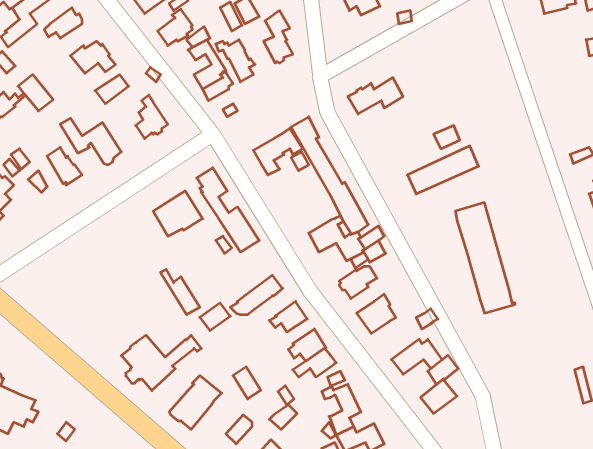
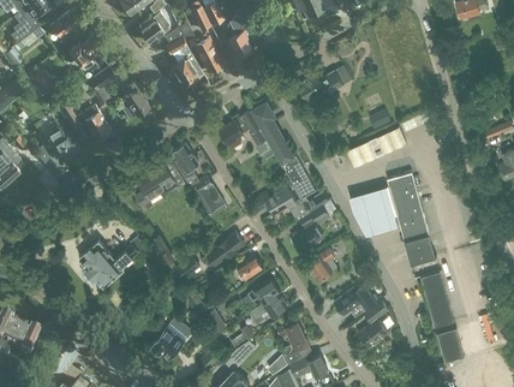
building: none -> [349,186,398,234]
building: none -> [420,269,454,325]
building: [121,335,201,391] -> [79,240,145,286]
building: none -> [436,326,464,359]

